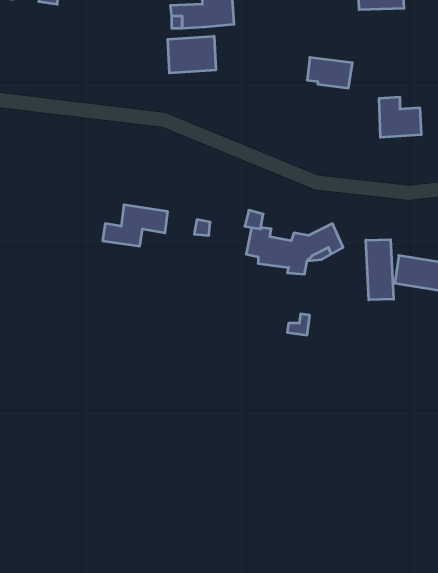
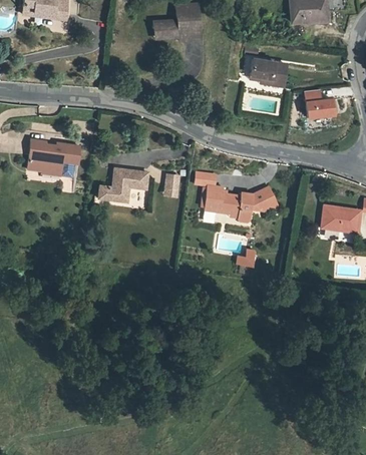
building: [168,36,216,73] -> none
building: none -> [25,140,79,173]
building: [366,240,394,300] -> none

